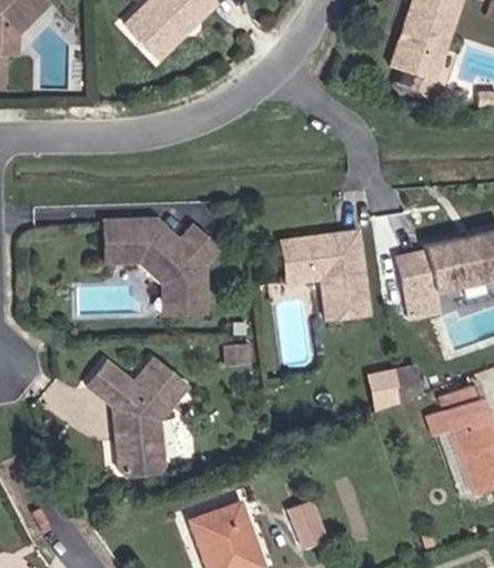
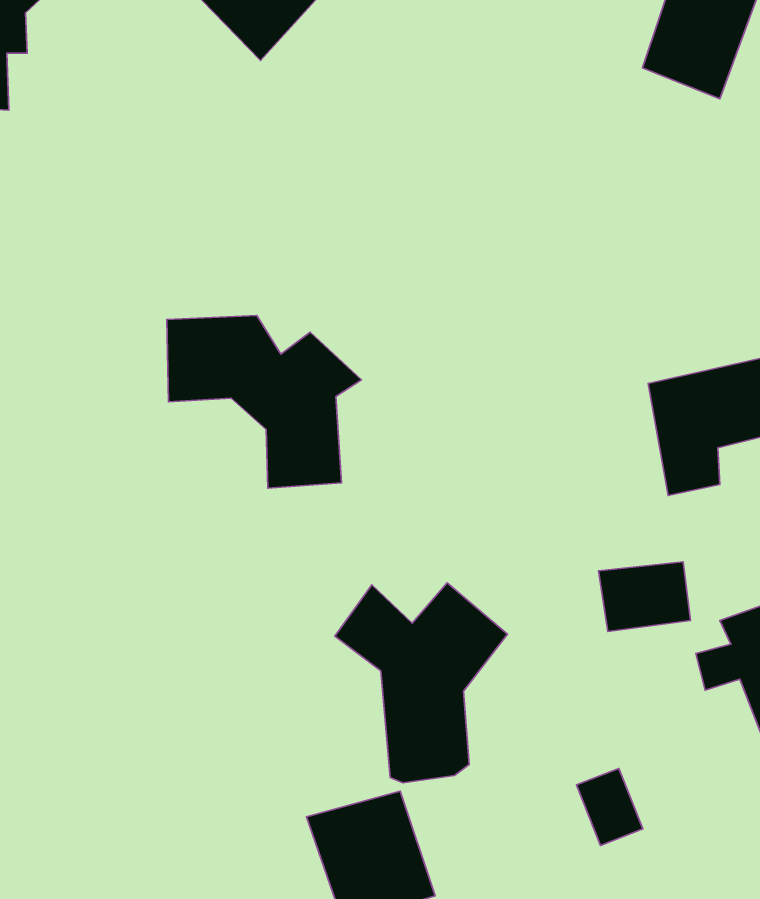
building: [282,231,373,321] -> none
building: [84,356,189,477] -> [335,583,508,783]
building: [283,495,323,541] -> [577,768,643,845]

